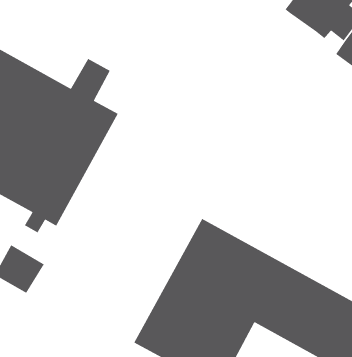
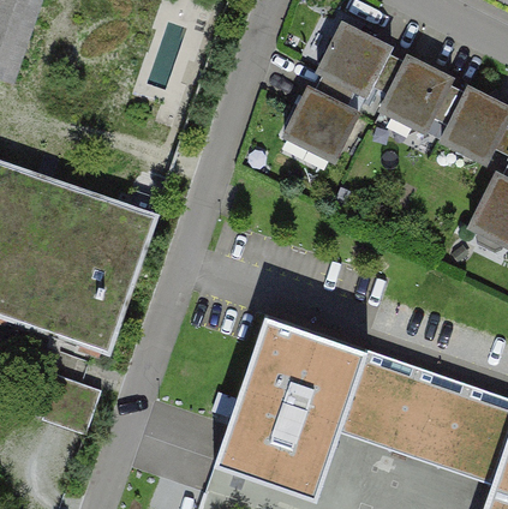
building: none -> [283,74,358,161]

